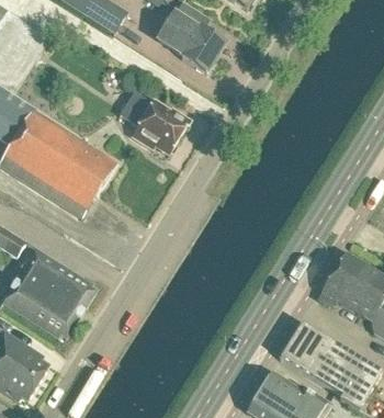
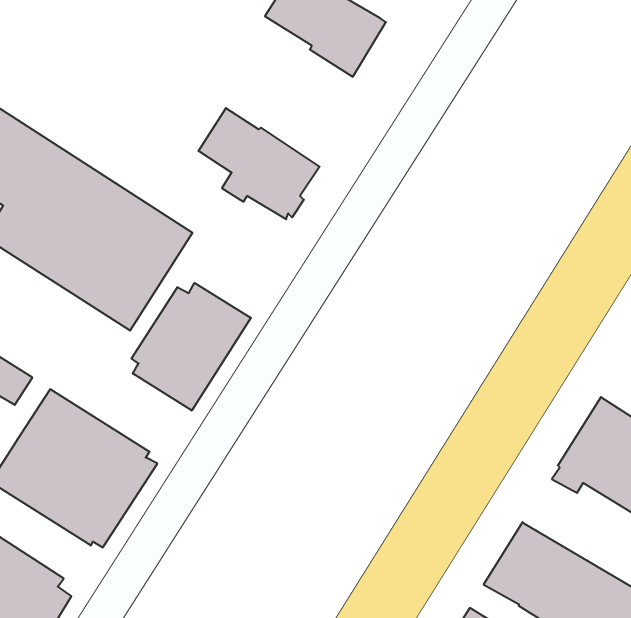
building: none -> [131,283,251,411]

